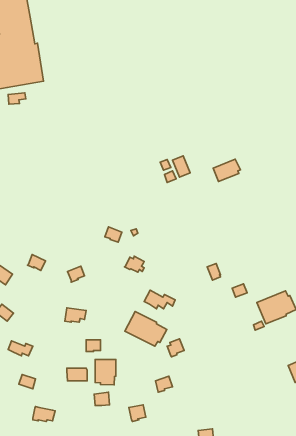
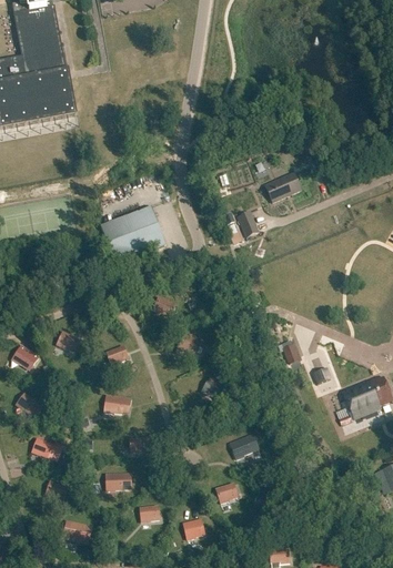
building: none -> [100,205,165,263]
building: [213,159,241,182] -> [265,173,300,201]
building: [125,312,167,346] -> none
building: [95,359,116,385] -> none

